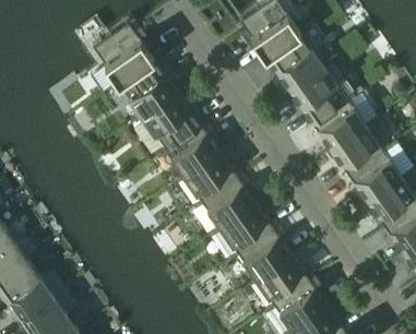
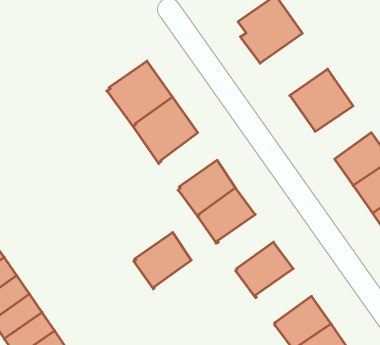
building: [93,25,162,90] -> none
building: [268,35,328,94] -> none
building: [316,104,369,154] -> none
building: [167,129,223,183] -> none
building: [222,206,276,260] -> [134,232,191,289]
building: [259,258,312,311] -> none

